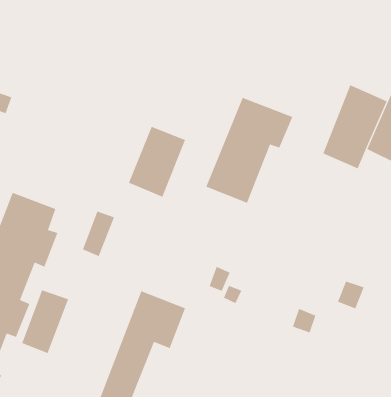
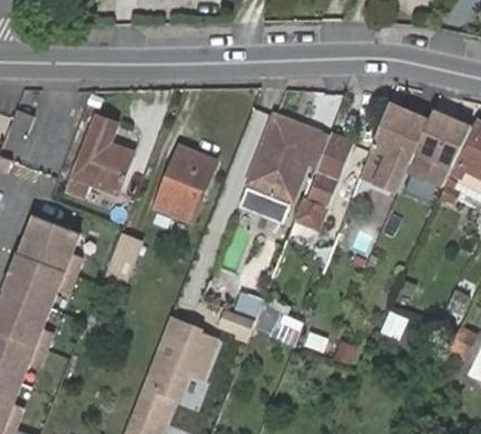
building: none -> [67,116,134,204]
building: none -> [295,137,349,229]
building: [21,289,69,354] -> none

